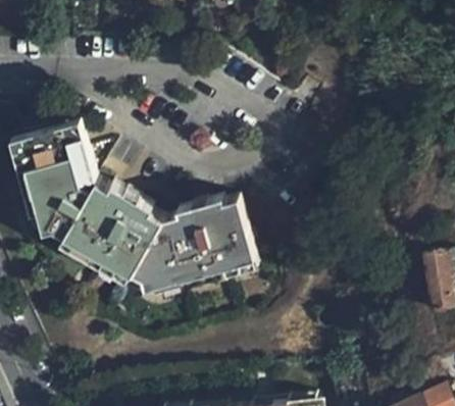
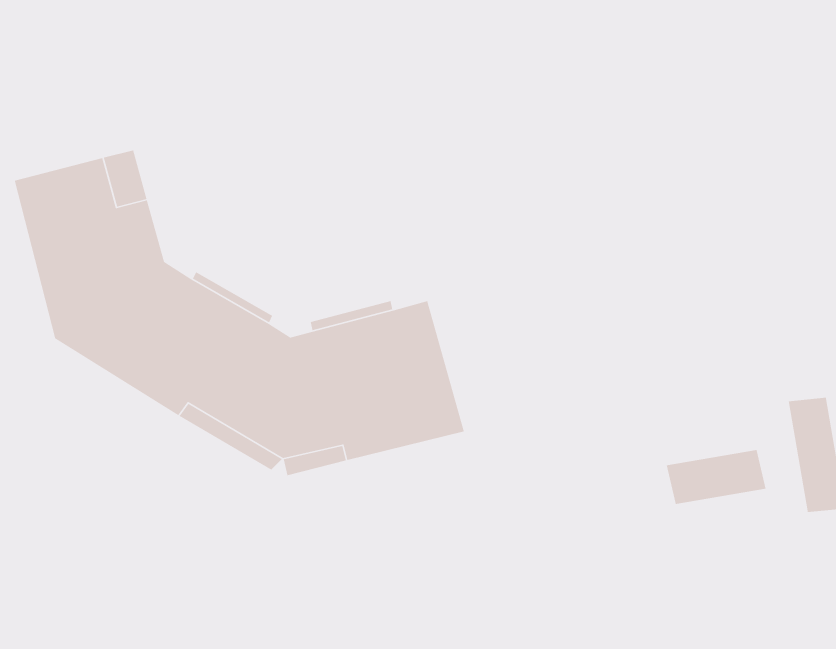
building: none -> [666,449,766,505]

